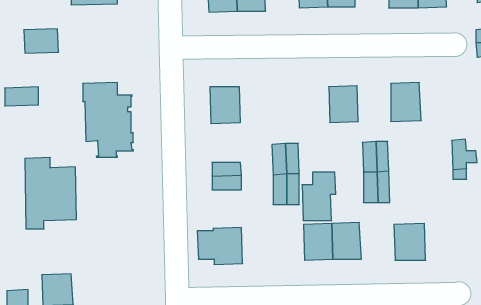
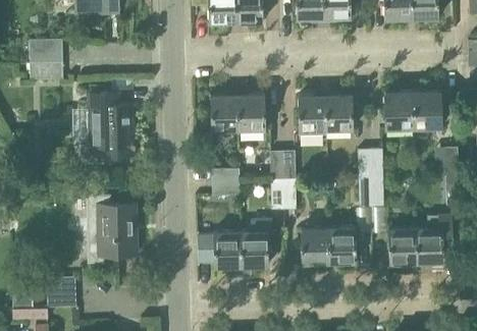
building: none -> [413,92,441,128]
building: none -> [238,95,271,130]
building: none -> [298,96,326,131]
building: [5,87,38,106] -> [31,62,63,80]
building: [25,157,76,229] -> [87,195,137,264]
building: [302,172,336,221] -> [241,220,273,267]
building: none -> [418,216,454,264]

